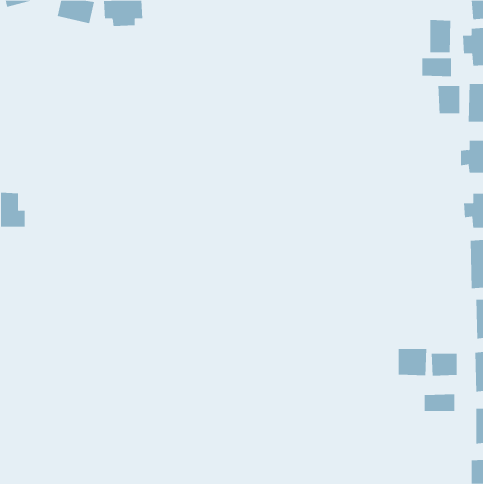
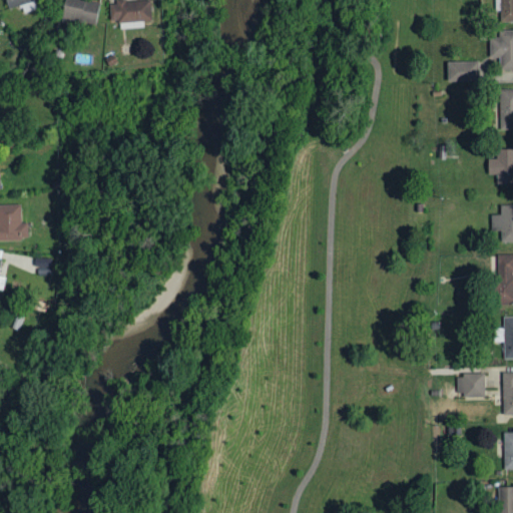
building: [430,19,451,53] -> none
building: [438,85,460,114] -> none
building: [398,348,427,376] -> none
building: [424,394,455,412] -> none

